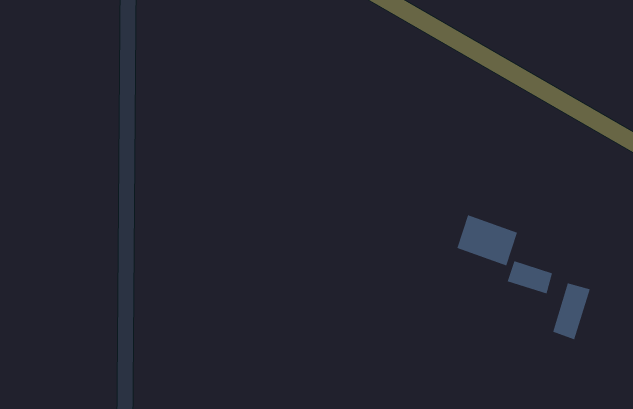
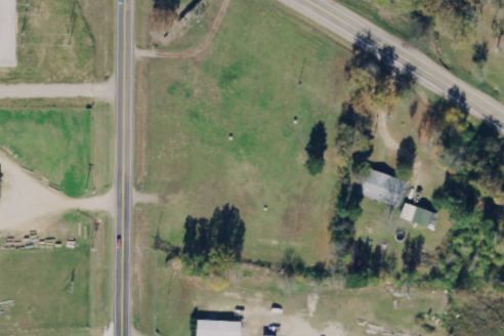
building: [552,282,590,340] -> none

